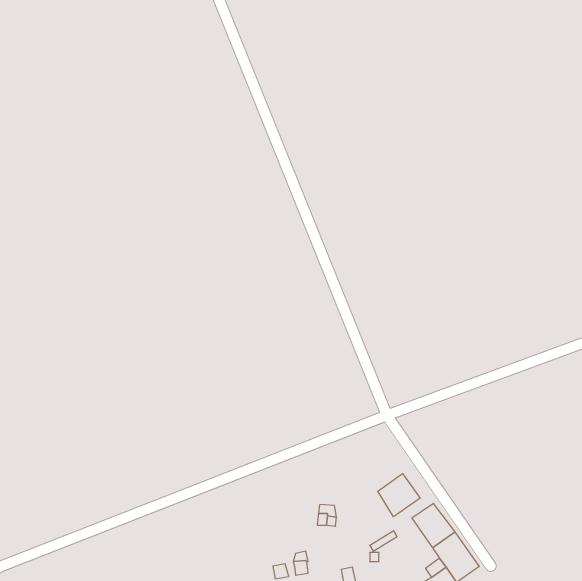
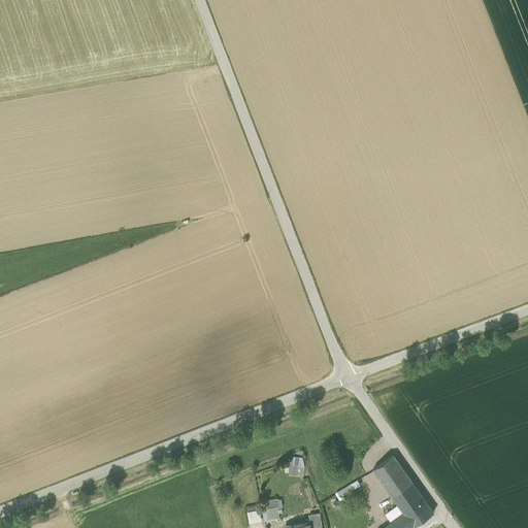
building: [378,474,420,517] -> none

